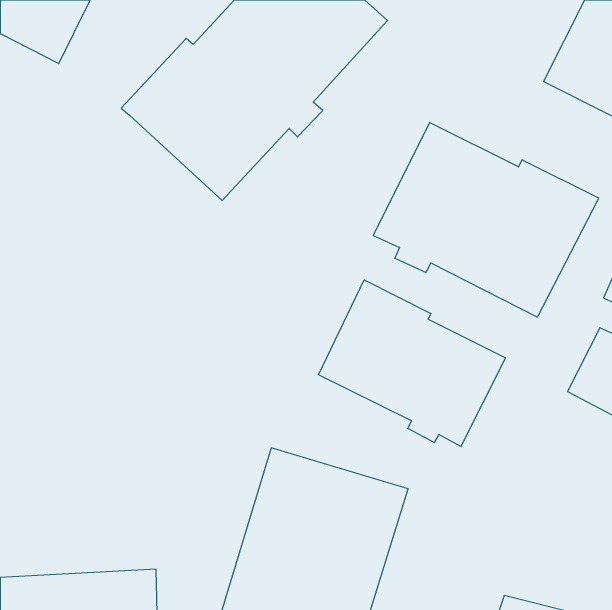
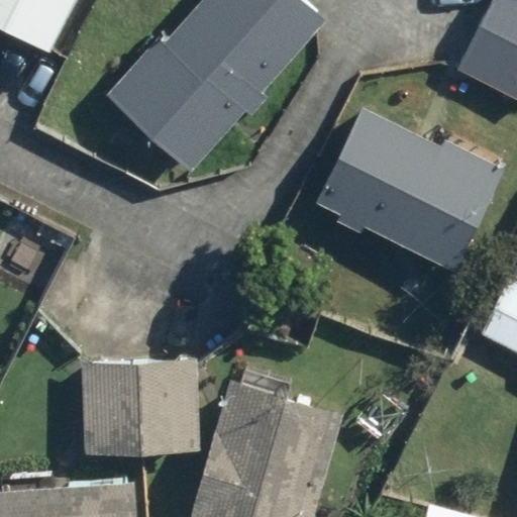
building: [318,280,505,447] -> none
building: none -> [79,361,202,450]

